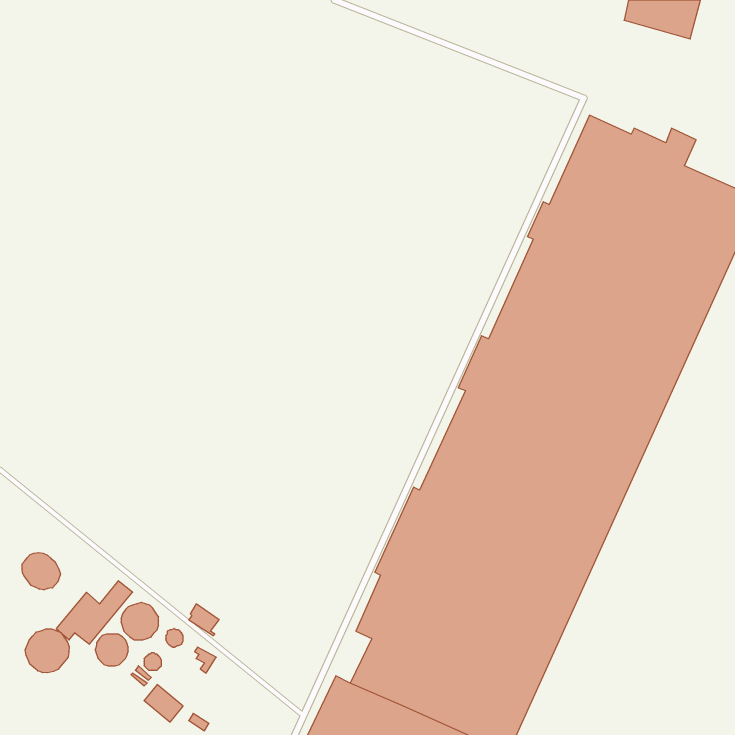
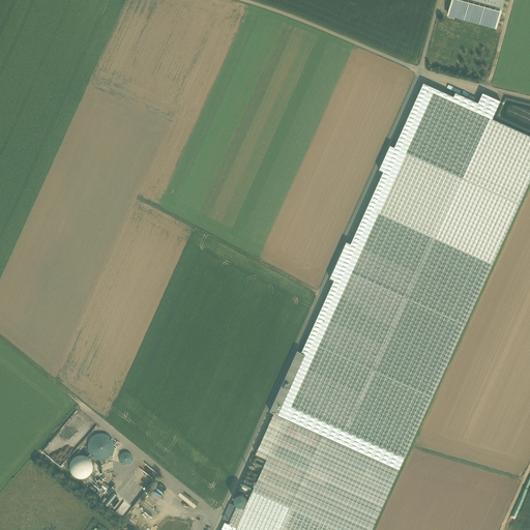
building: [22,553,60,590] -> none
building: [25,629,69,673] -> none

